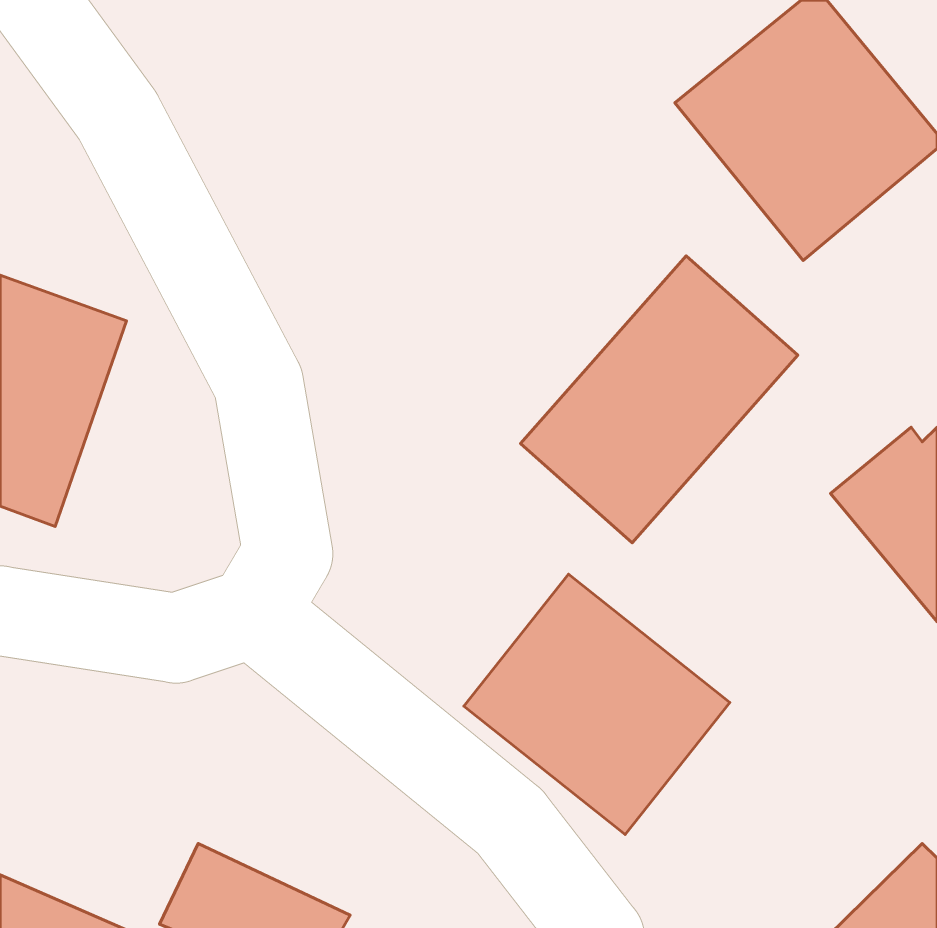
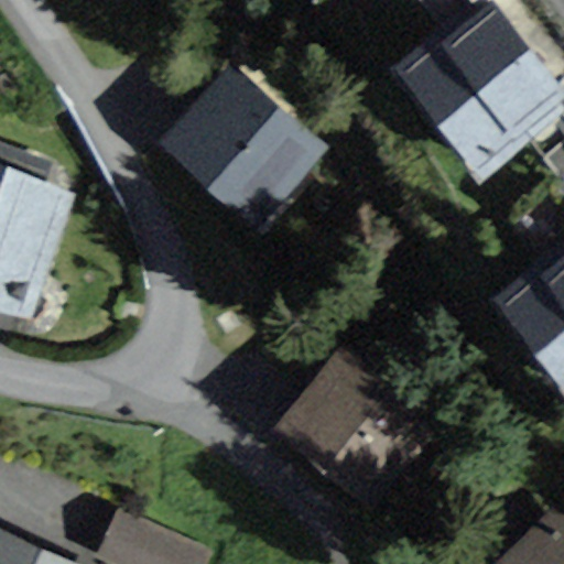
building: none -> [163,72,327,232]
building: [520,256,798,543] -> none

